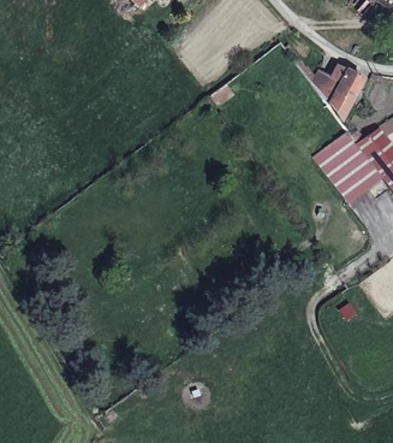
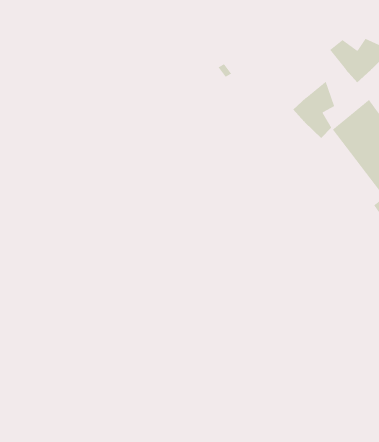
building: none -> [292,80,335,139]

